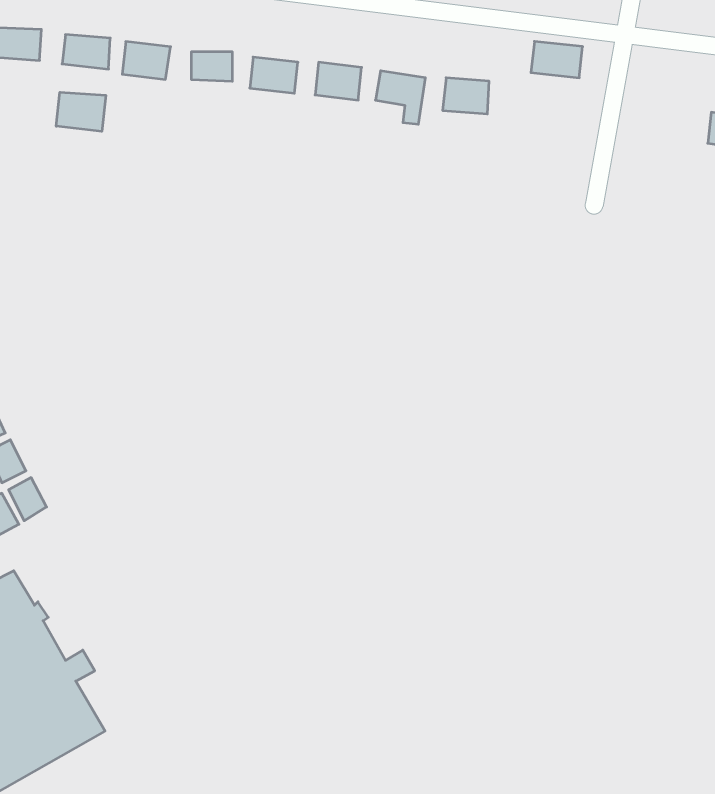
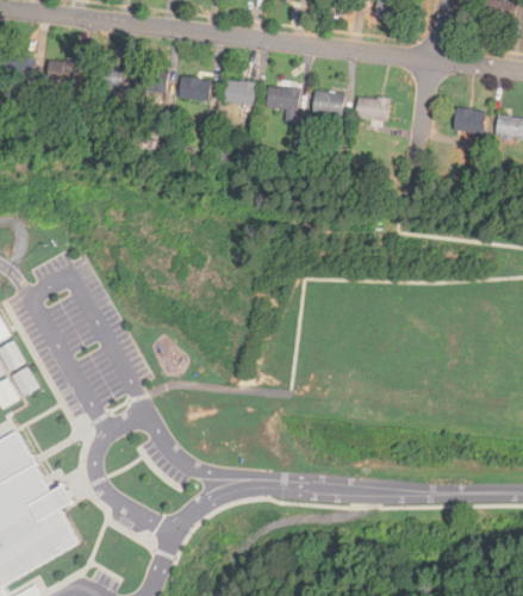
building: [531,41,583,78] -> [355,95,391,120]
building: [56,92,106,131] -> none
building: none -> [453,106,486,134]

